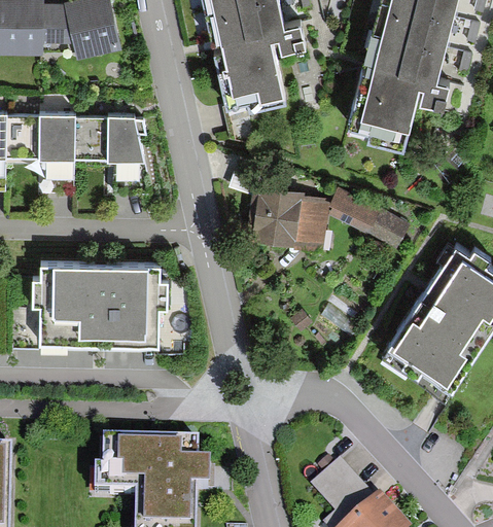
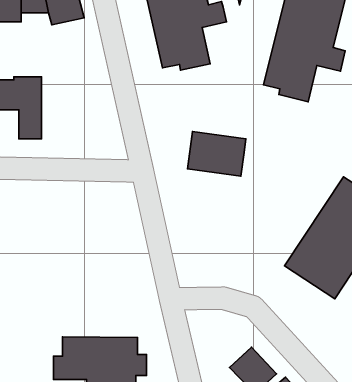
building: [70,112,142,190] -> none
building: [328,182,416,243] -> none
building: [25,259,159,344] -> none

